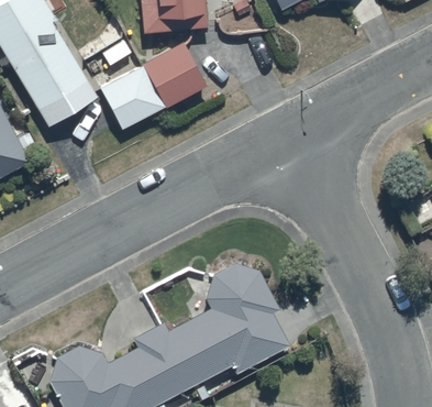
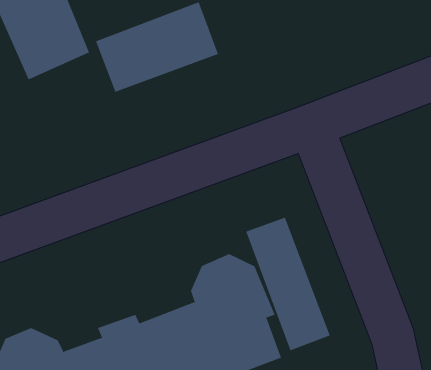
building: none -> [246,217,330,351]

